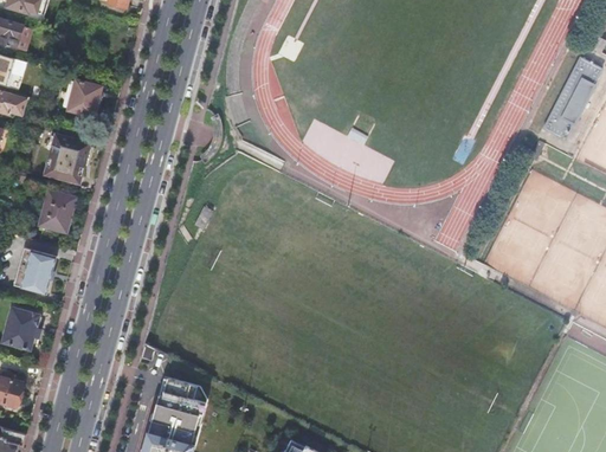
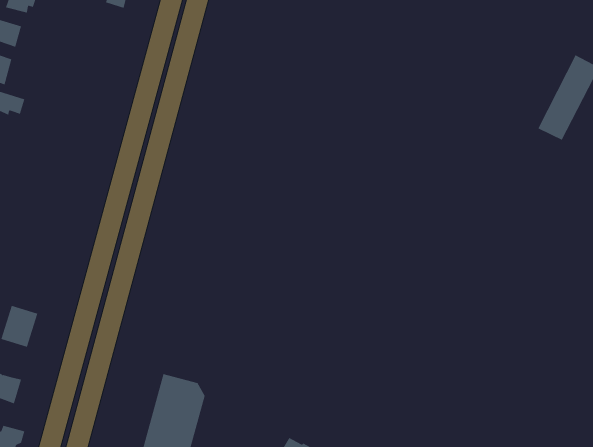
building: [62,79,101,117] -> none
building: [45,136,89,185] -> none
building: [38,192,75,233] -> none
building: [13,248,56,293] -> none

